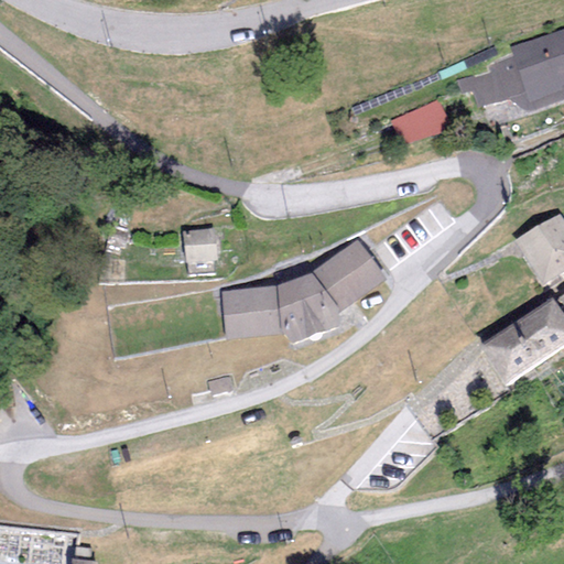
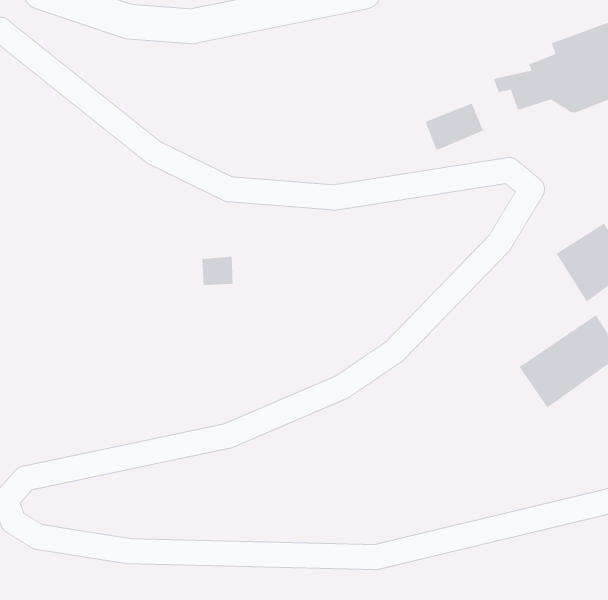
building: [224,246,386,350] -> none

